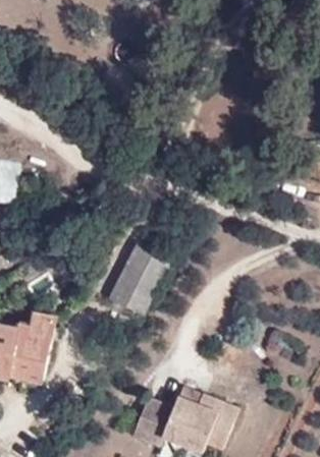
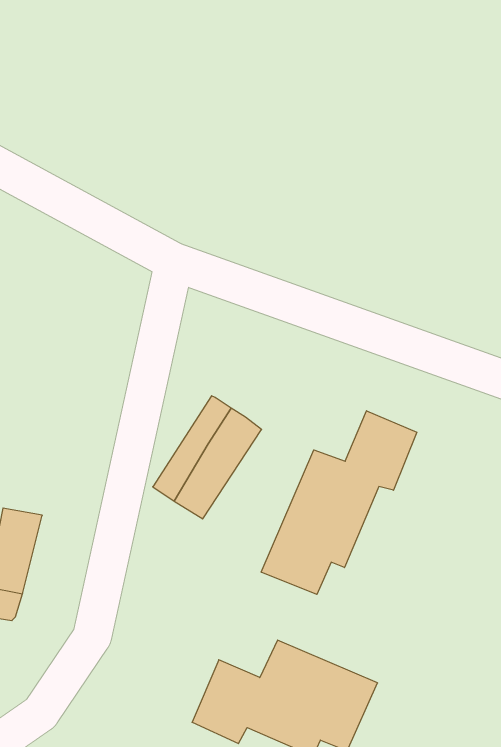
building: none -> [261,411,417,594]

